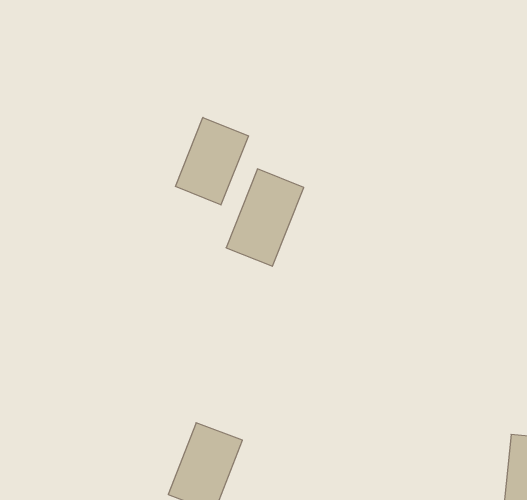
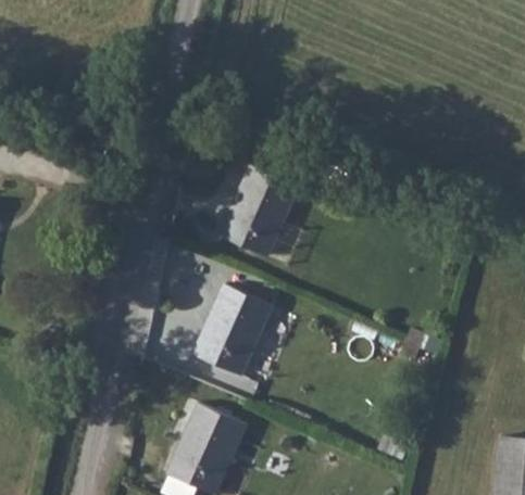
building: [176,117,248,205] -> none
building: none -> [202,294,275,382]

